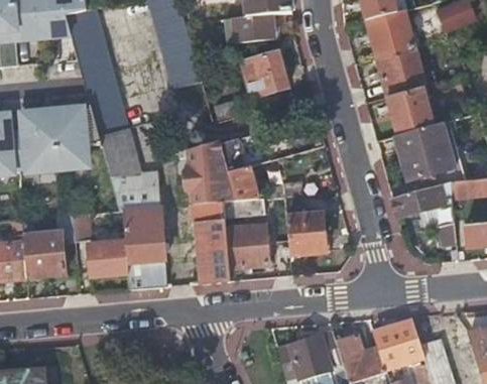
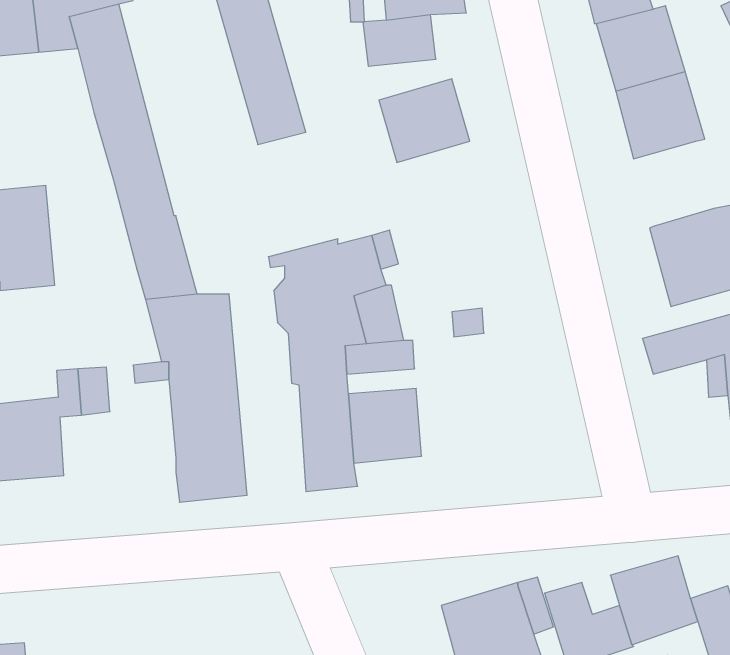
building: [386,86,432,134] -> none
building: [53,108,105,167] -> none
building: [285,215,324,255] -> none
building: [87,242,127,276] -> none

